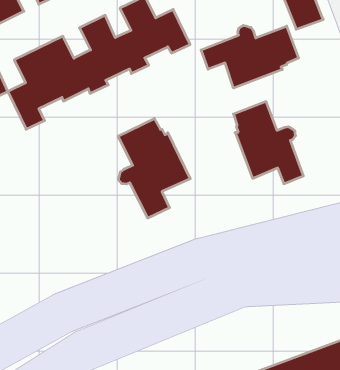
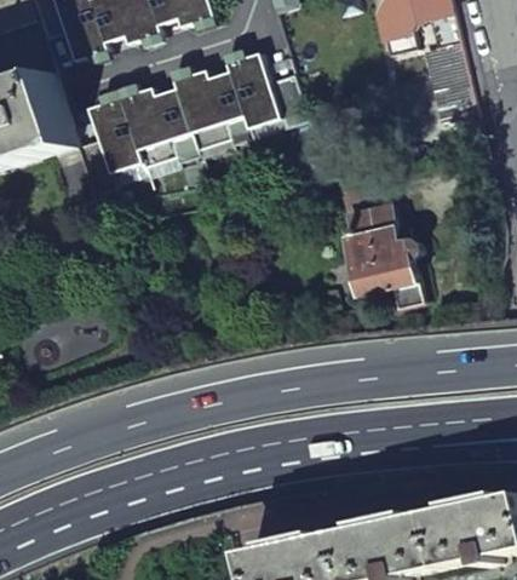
building: [201,25,299,88] -> none
building: [118,118,190,218] -> none

